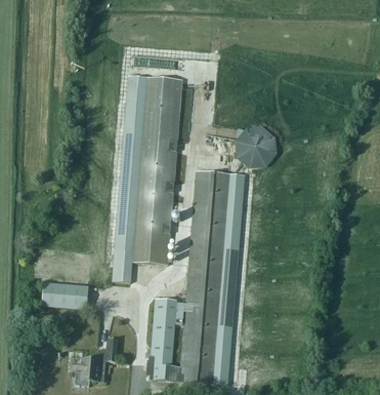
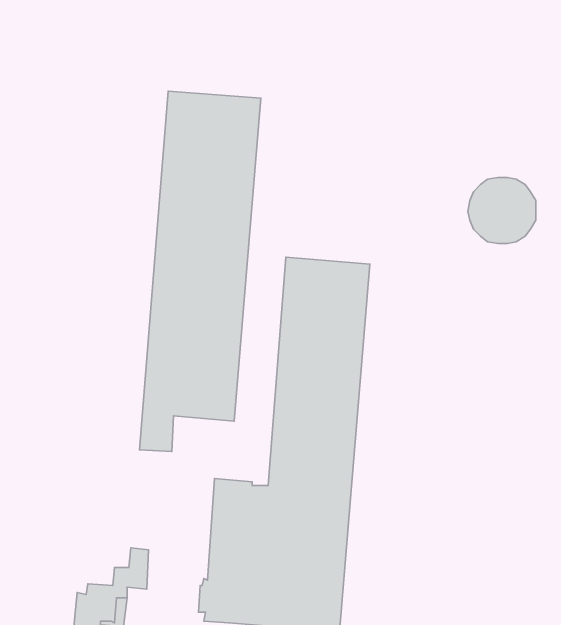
building: [236,128,275,166] -> [468,177,536,243]
building: [42,282,90,309] -> none

